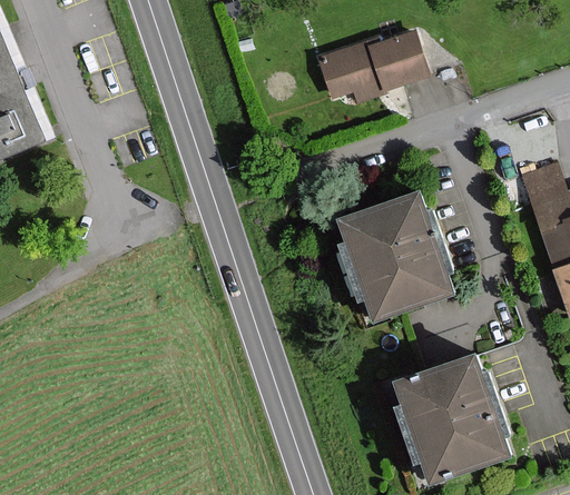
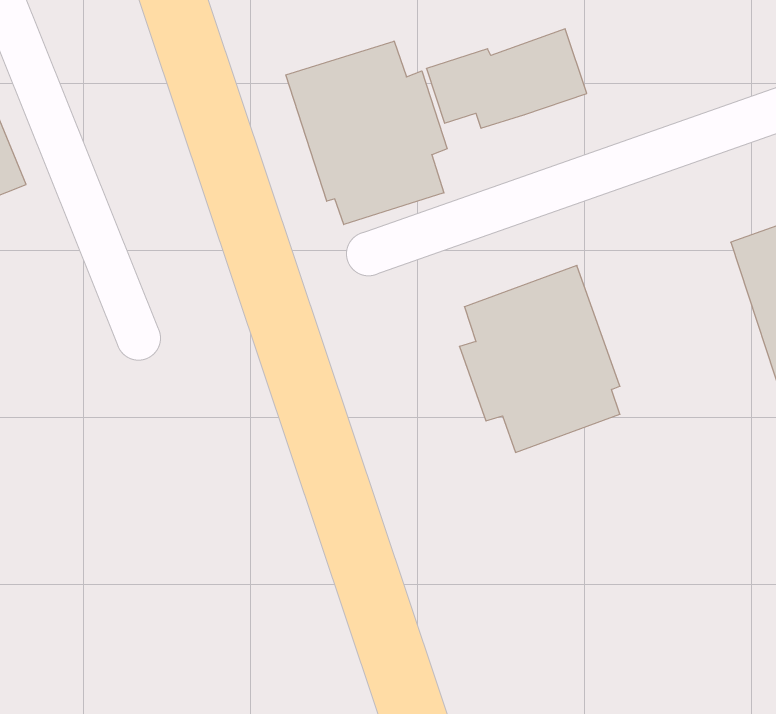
building: none -> [286,41,447,225]
building: [395,354,508,481] -> none

